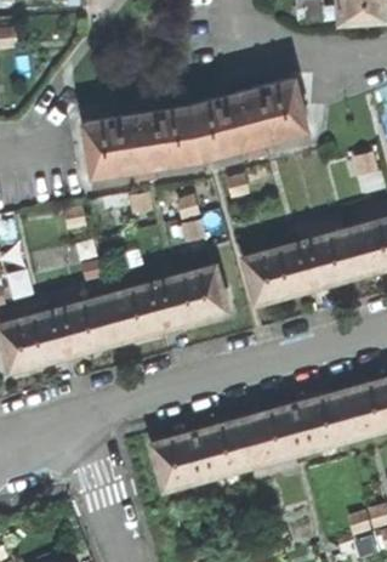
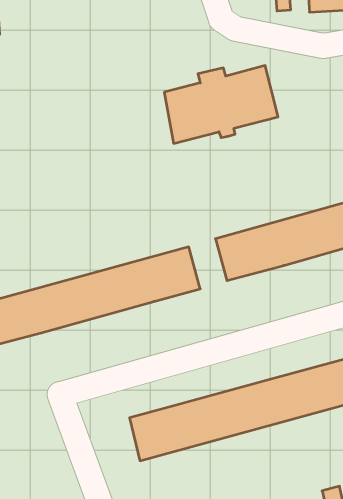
building: [80,103,198,177] -> none

